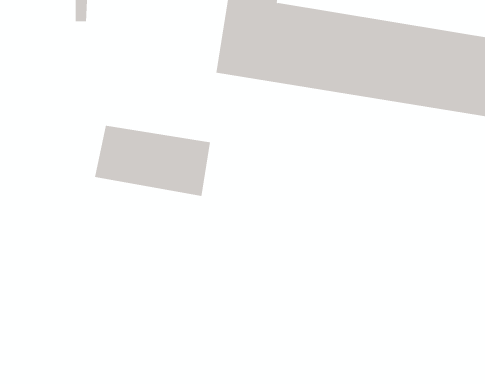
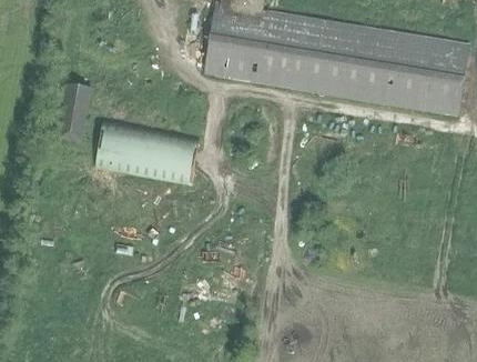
building: none -> [52,80,91,142]

